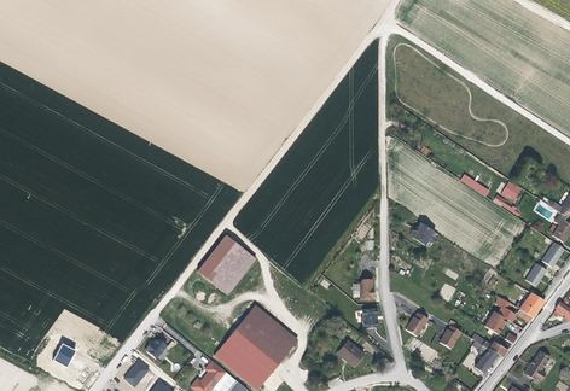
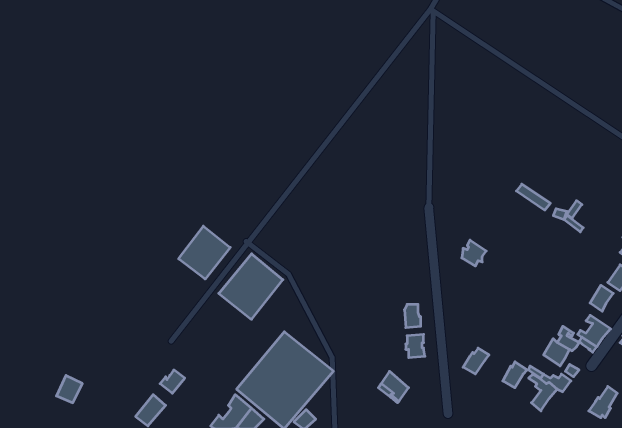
building: none -> [179,226,230,279]

